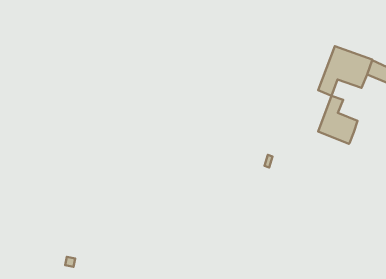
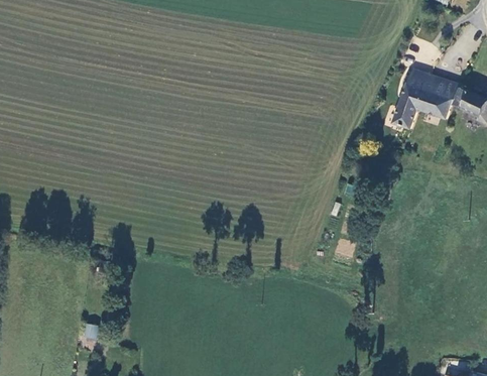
building: [318,96,357,144] -> none

